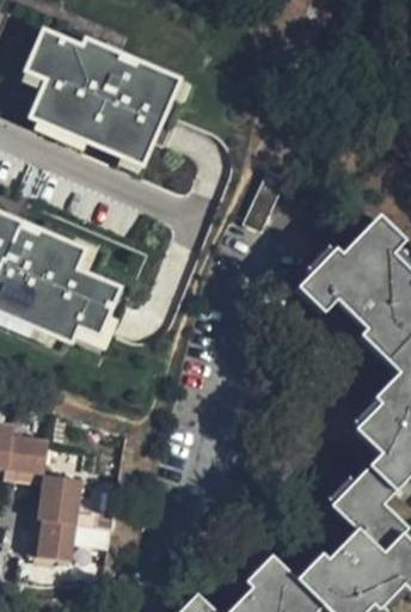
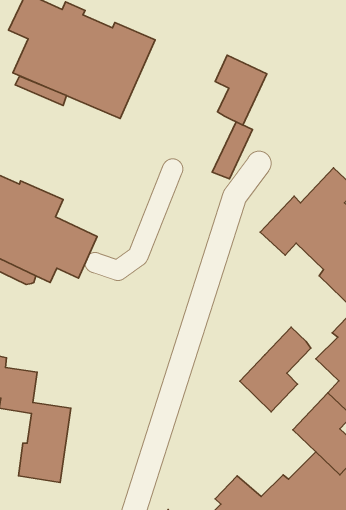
building: none -> [215,55,267,125]
building: none -> [240,327,311,412]

